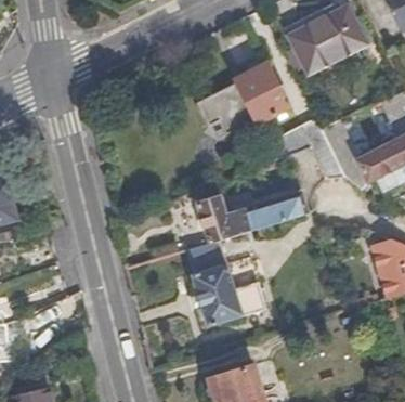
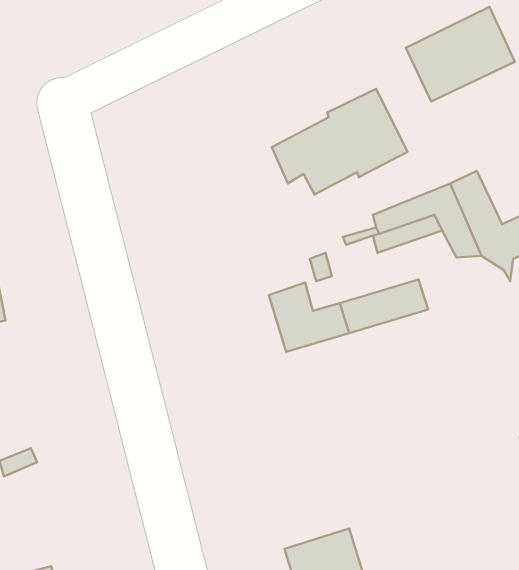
building: [185,239,243,324] -> none

